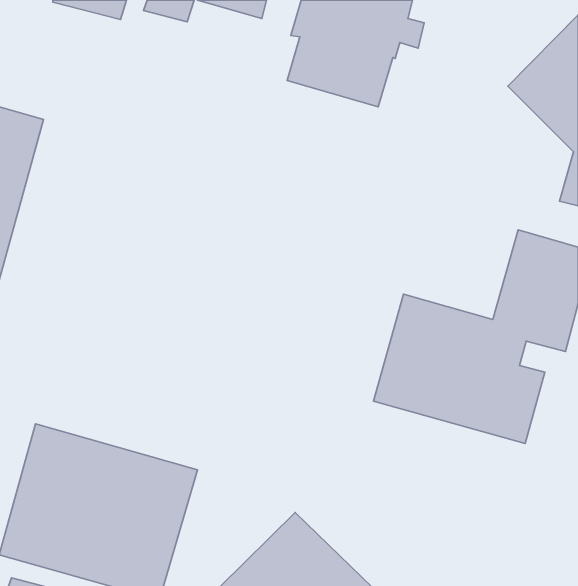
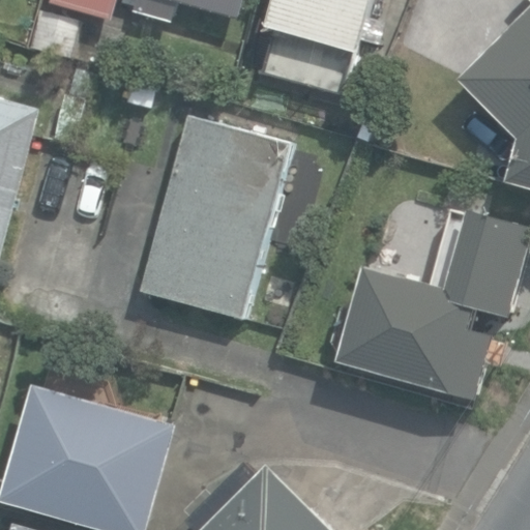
building: none -> [138,115,291,319]

